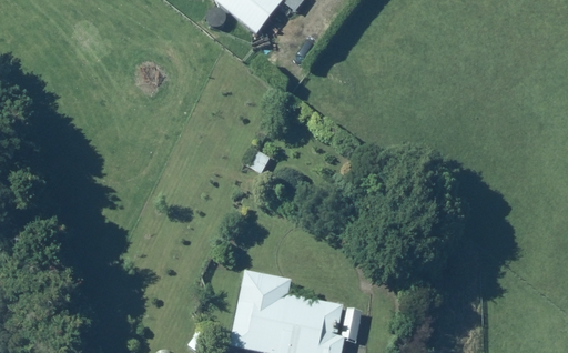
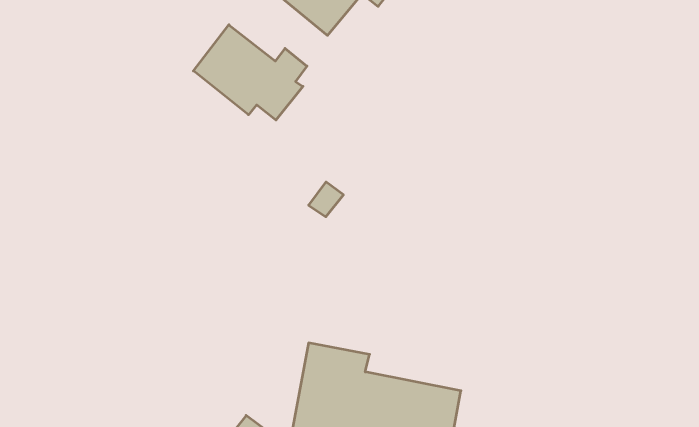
building: none -> [193,25,307,120]

